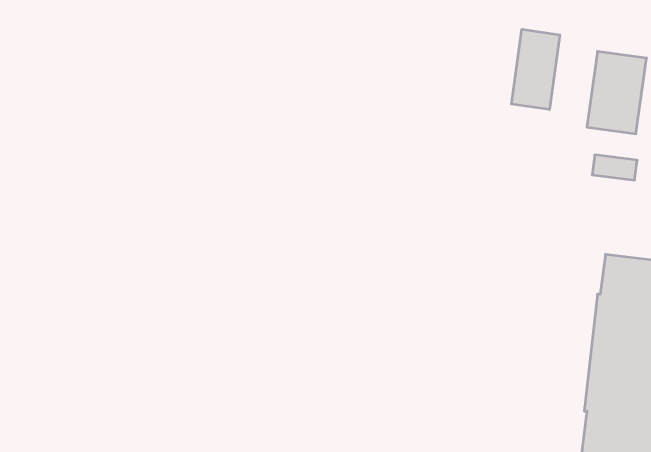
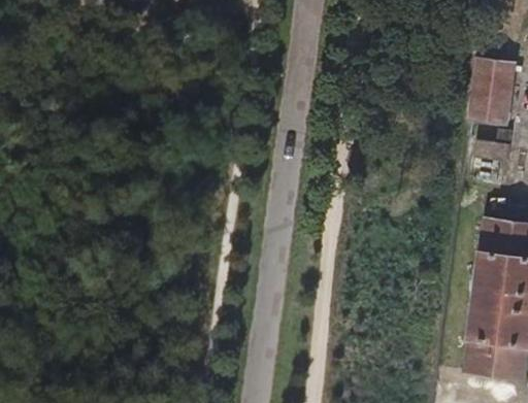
building: [511,29,560,110] -> none

